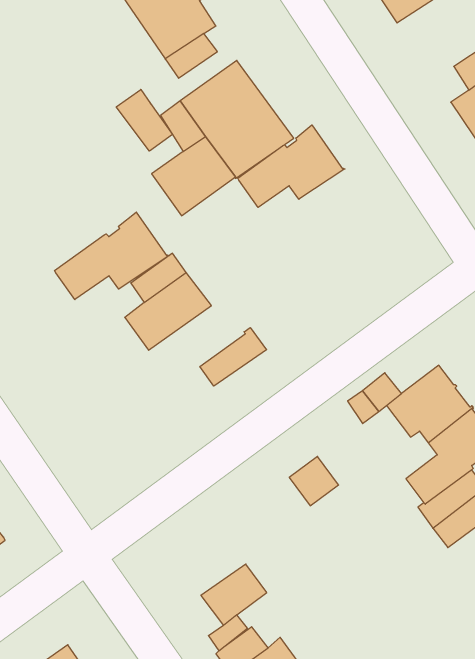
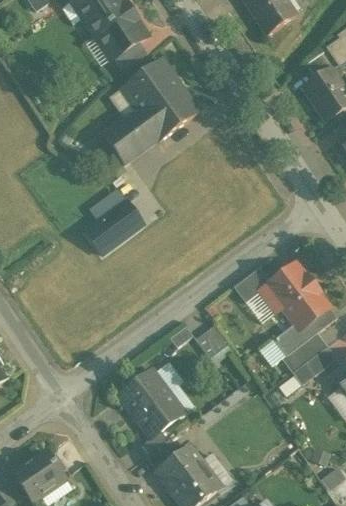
building: [116,89,172,151] -> none
building: [238,125,345,207] -> none
building: [55,212,169,300] -> none
building: [200,328,267,386] -> none
building: none -> [119,368,171,416]

